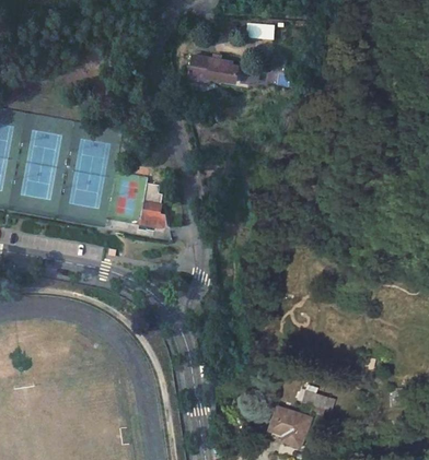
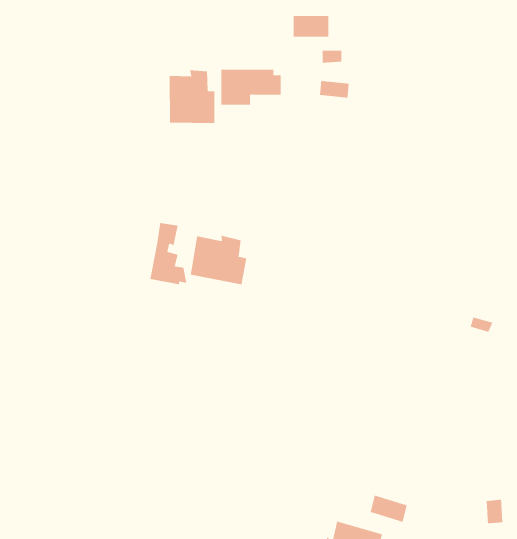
building: none -> [169,70,215,124]
building: none -> [190,235,247,285]

